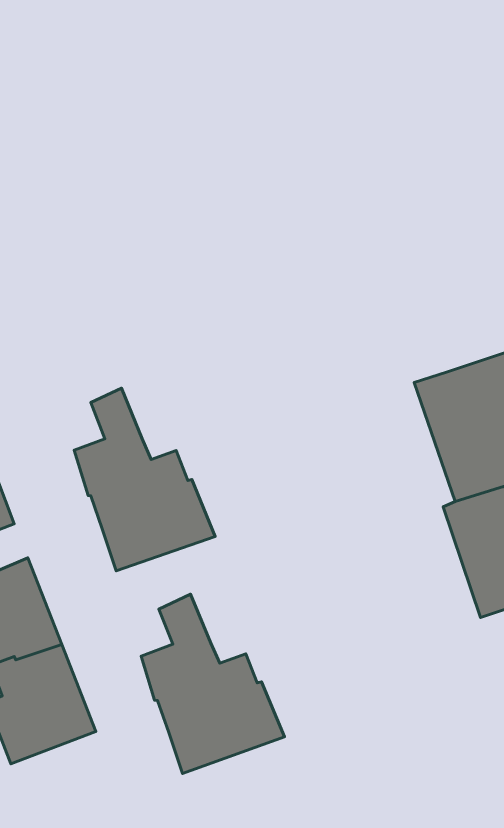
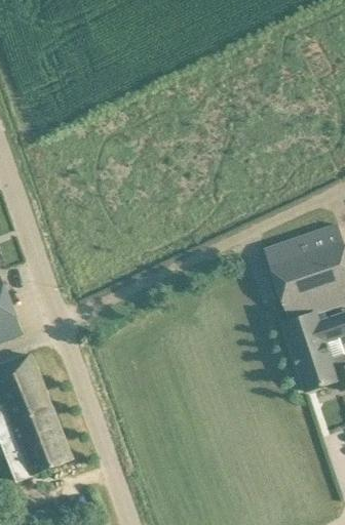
building: [74,388,215,571] -> none
building: [141,594,284,773] -> none

